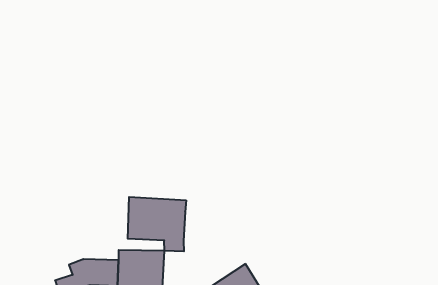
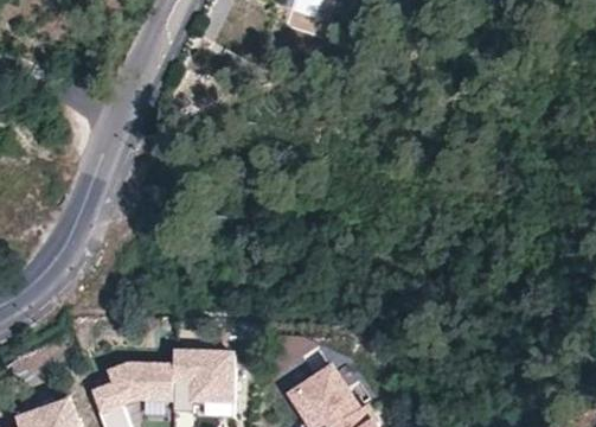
building: [128,197,186,251] -> none

